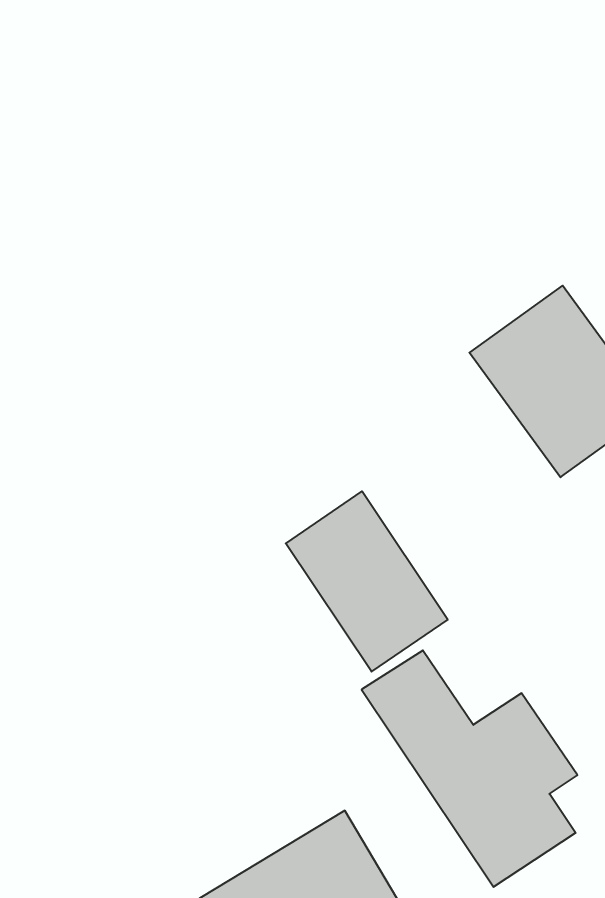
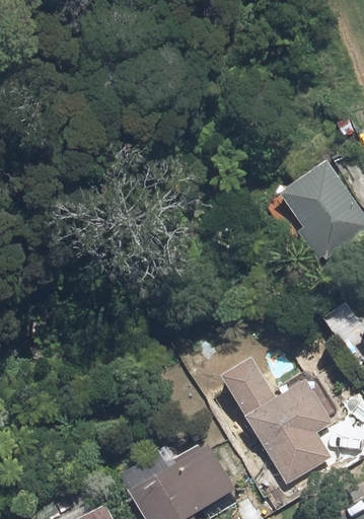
building: [286,491,448,672] -> none

